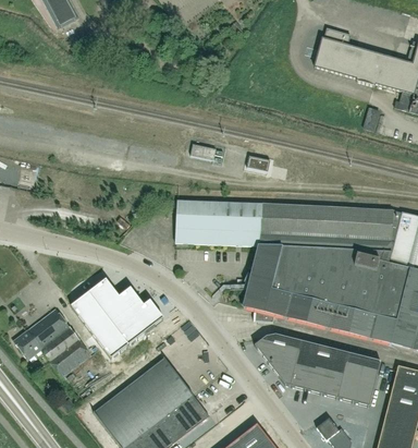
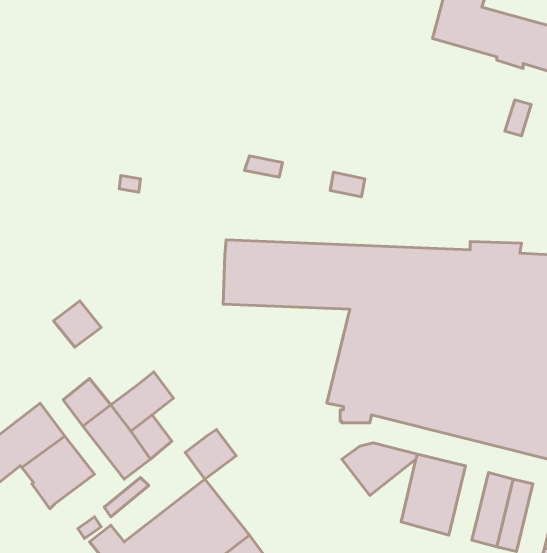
building: [88,277,120,307] -> [54,301,101,347]
building: [130,299,163,331] -> [185,430,236,479]
building: [273,343,304,385] -> none
building: [325,348,352,397] -> none

